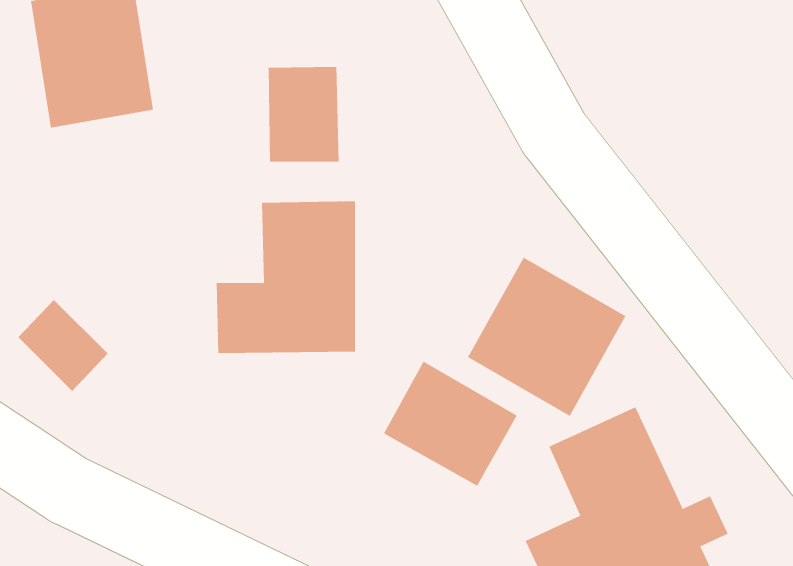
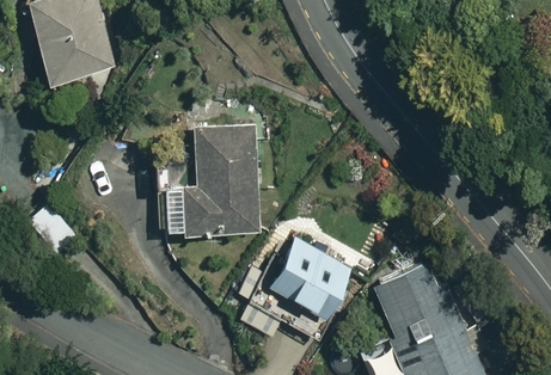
building: [268,66,339,163] -> none
building: [467,257,626,417] -> none

